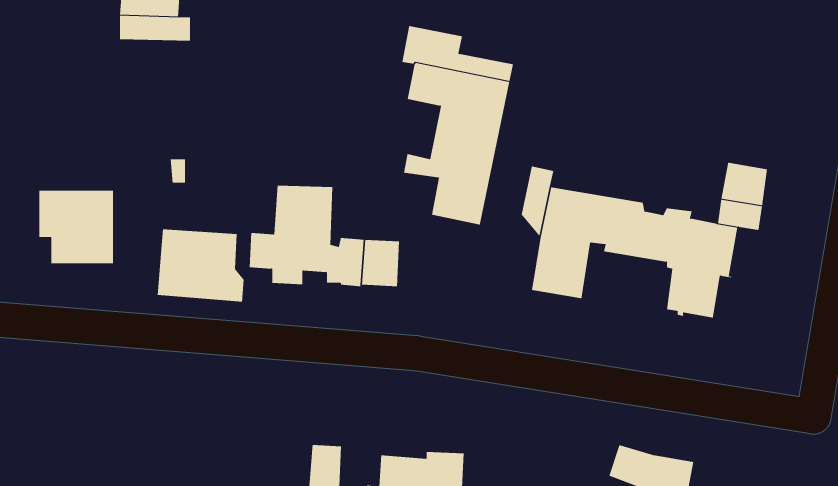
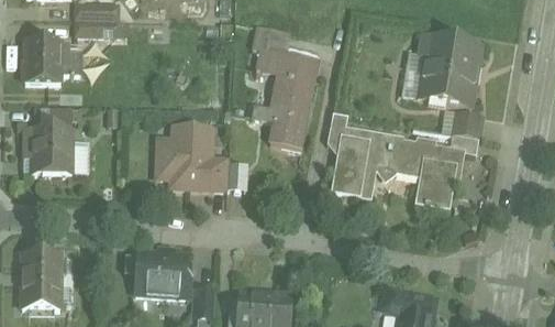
building: none -> [419,35,480,108]
building: none -> [23,40,67,83]
building: none -> [34,107,71,126]
building: [157,229,244,302] -> [135,251,190,297]
building: none -> [22,252,60,308]

